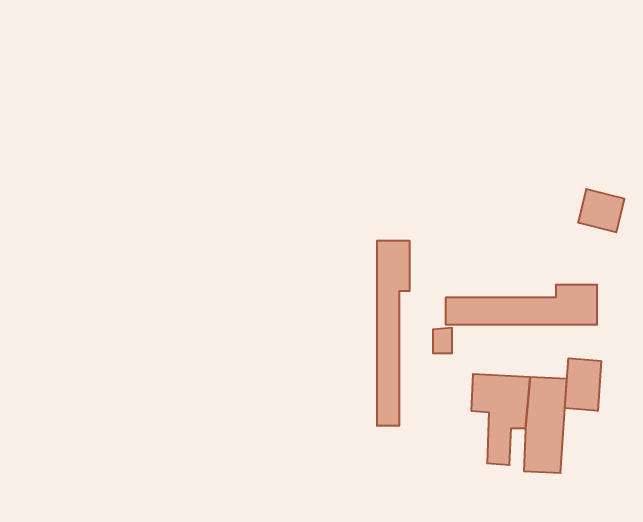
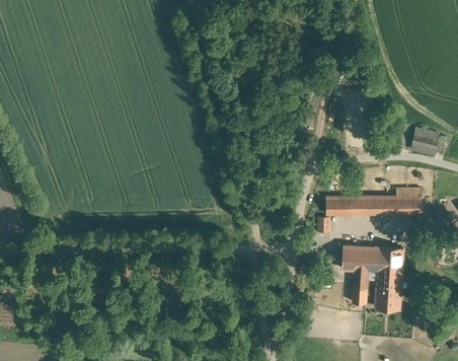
building: [377,241,409,426] -> none
building: [565,358,601,411] -> none

